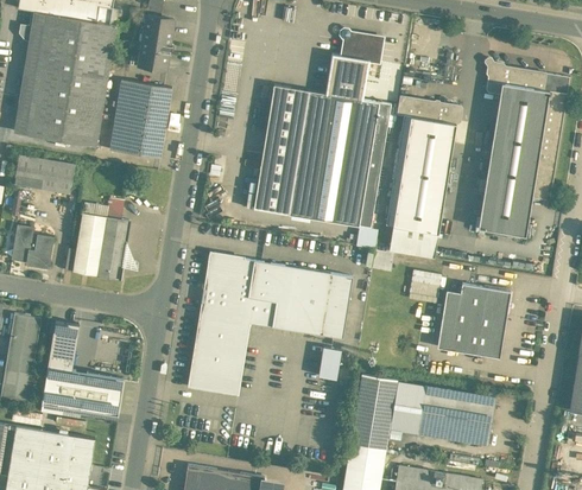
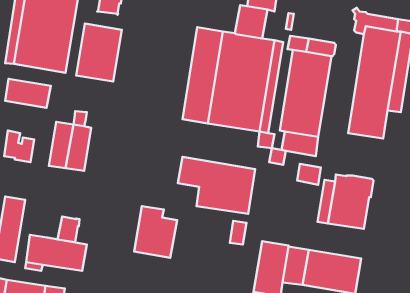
building: [198,254,276,345] -> none
building: [46,335,76,369] -> [58,217,80,242]

